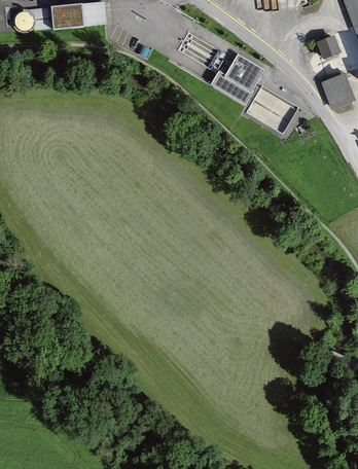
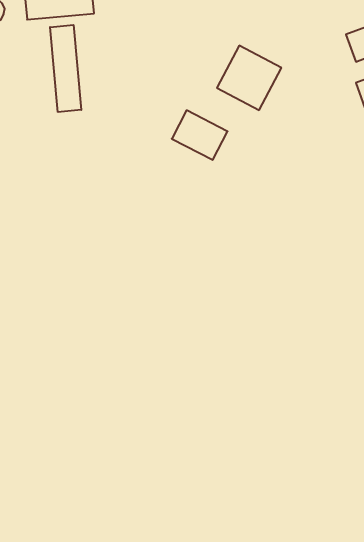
building: none -> [50,25,81,112]
building: [247,89,293,131] -> [172,110,228,160]

